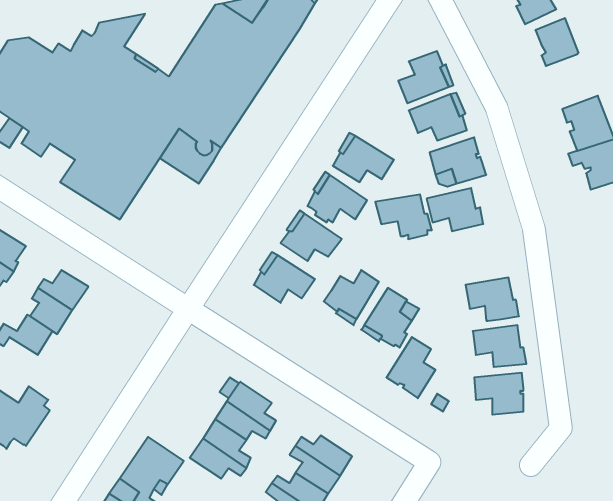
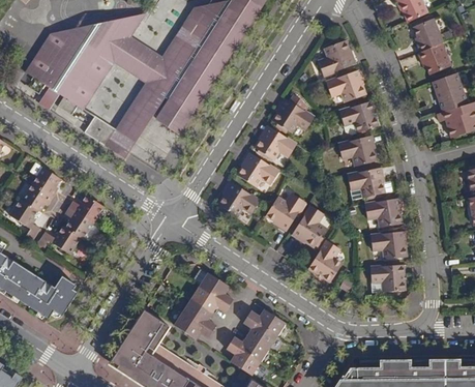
building: none -> [61,21,110,41]
building: none -> [417,42,451,75]
building: [375,194,432,239] -> [346,169,385,200]

